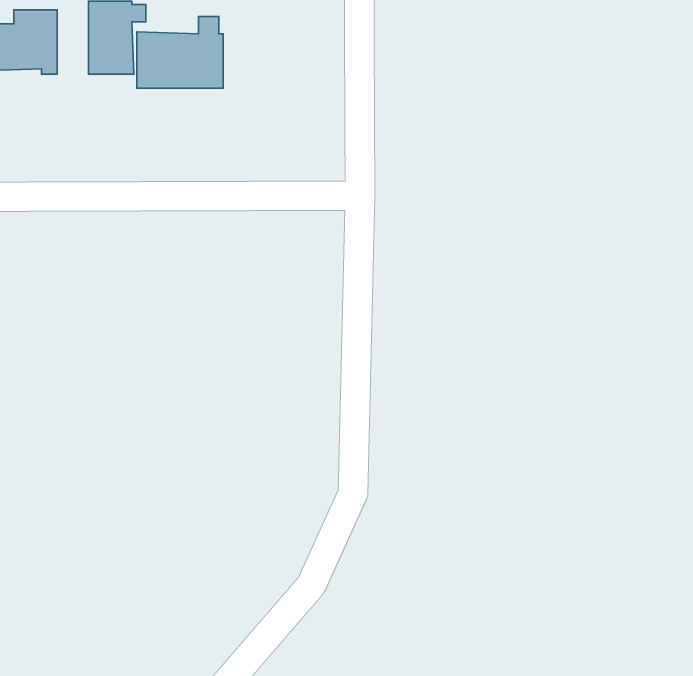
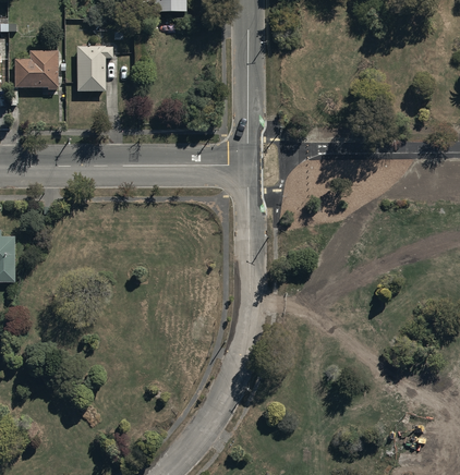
building: [137,17,223,88] -> none

